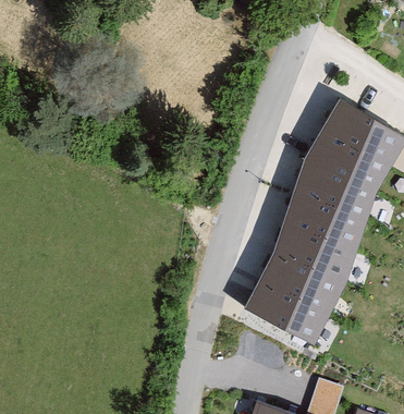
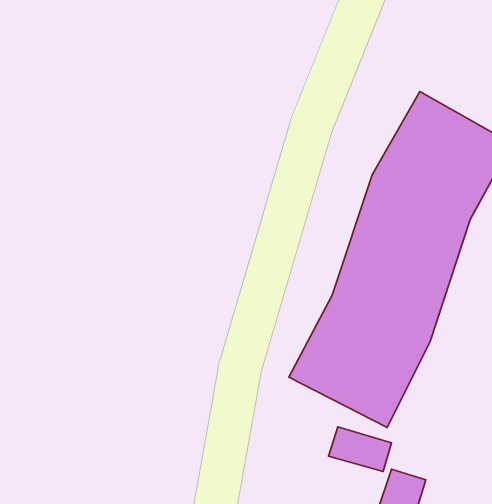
building: none -> [329,427,392,471]

